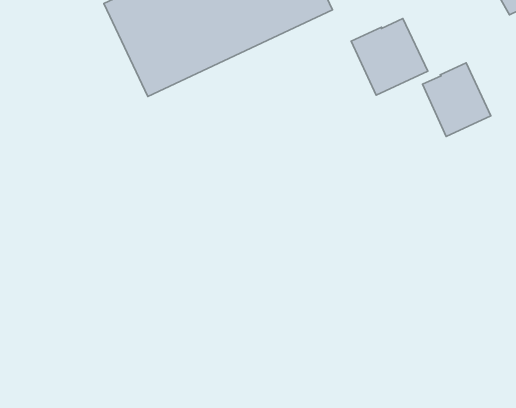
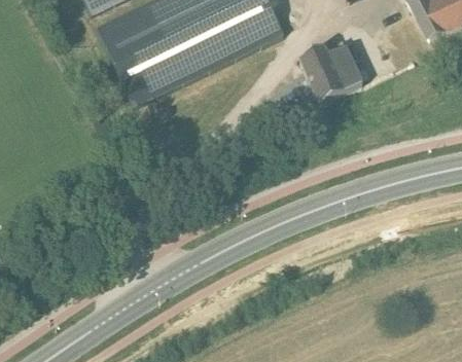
building: [422,63,491,137] -> none

